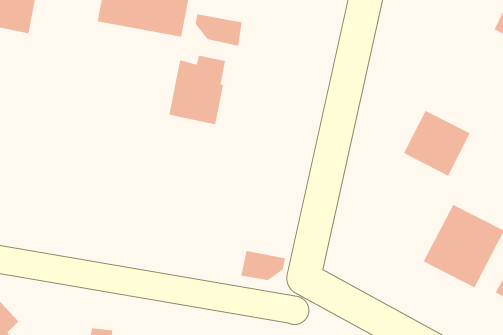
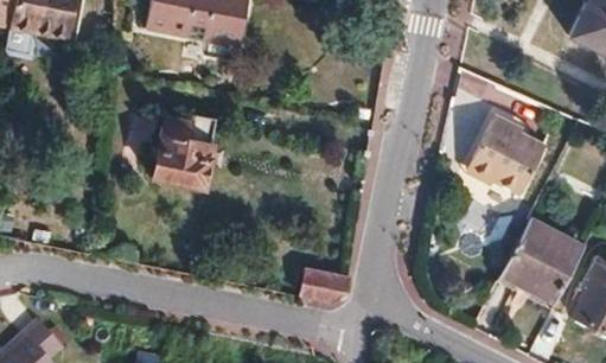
building: [195,14,242,46] -> none
building: [168,55,226,125] -> [151,115,212,190]

